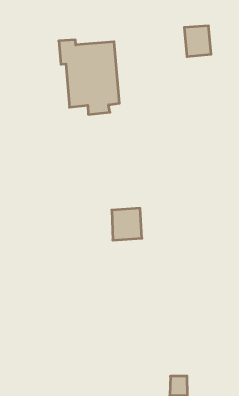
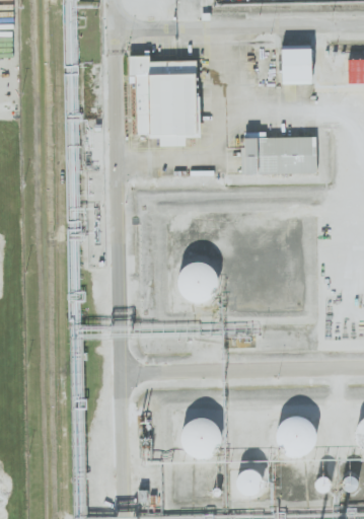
building: none -> [243,131,316,173]
building: none -> [278,419,314,455]
building: none -> [178,416,221,461]

